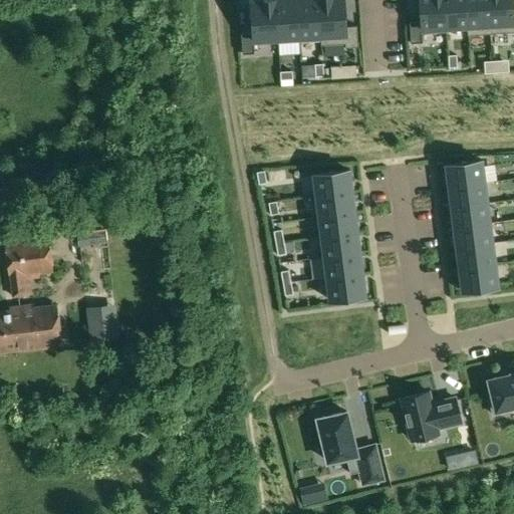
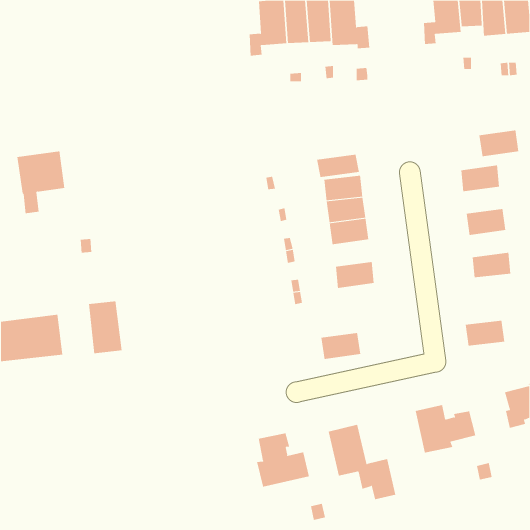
building: none -> [316,154,359,178]
building: [448,181,487,207] -> [479,130,519,157]
building: [454,223,493,249] -> none
building: [321,232,360,258] -> none
building: [5,235,52,296] -> [17,151,65,214]
building: [459,265,498,290] -> [465,320,505,346]
building: [326,274,365,300] -> [321,332,361,359]
building: none -> [257,432,309,488]

